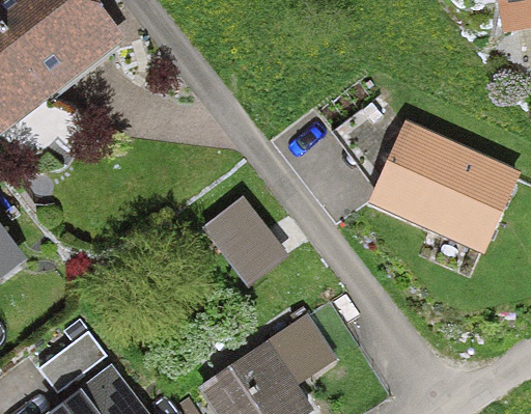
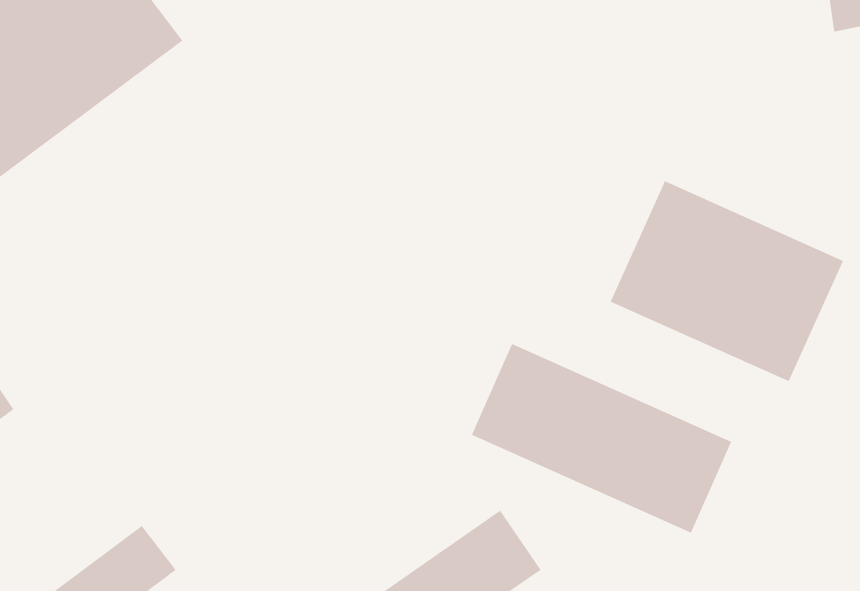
building: [201,197,287,286] -> none
building: none -> [471,343,732,534]

